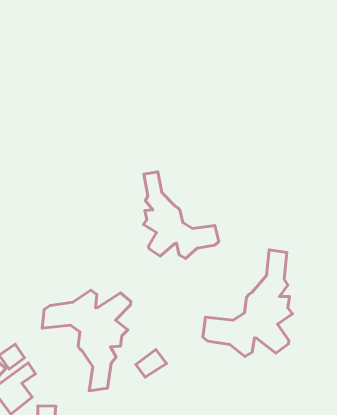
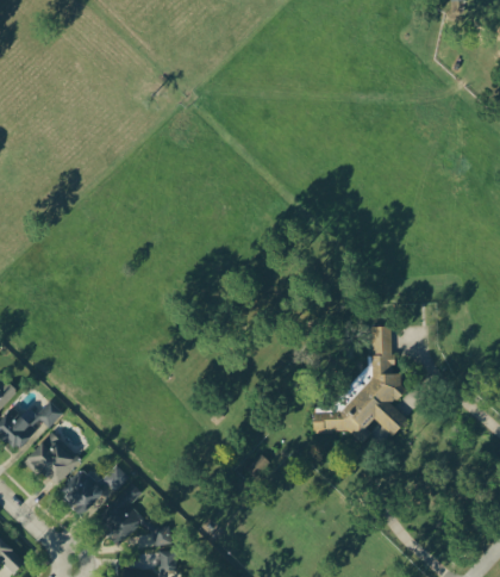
building: [143,172,219,259] -> none
building: [42,290,131,391] -> none

